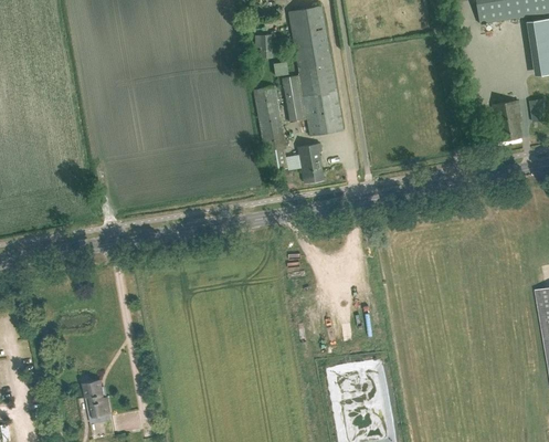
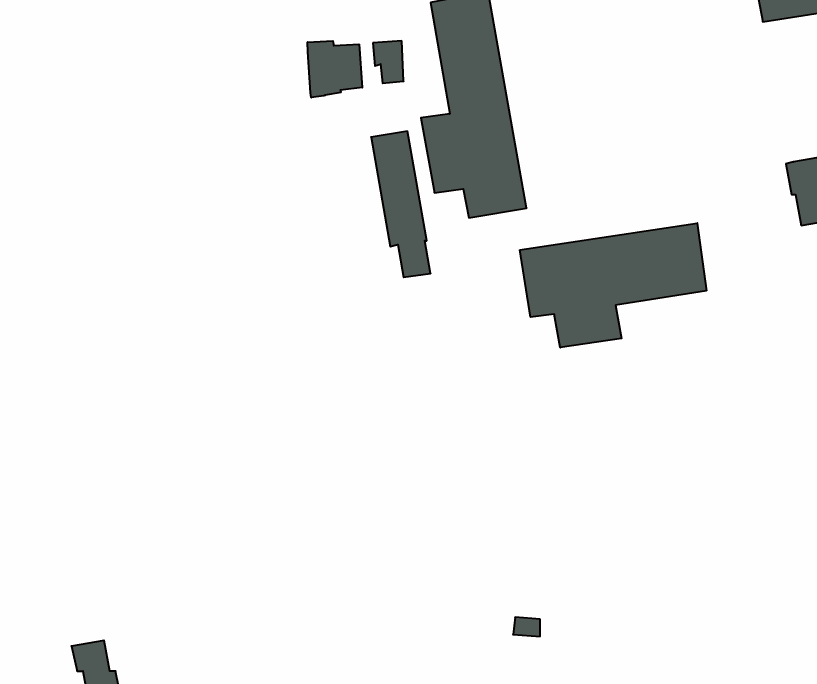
building: none -> [308,41,362,98]
building: none -> [520,223,706,348]
building: [298,143,324,183] -> none

